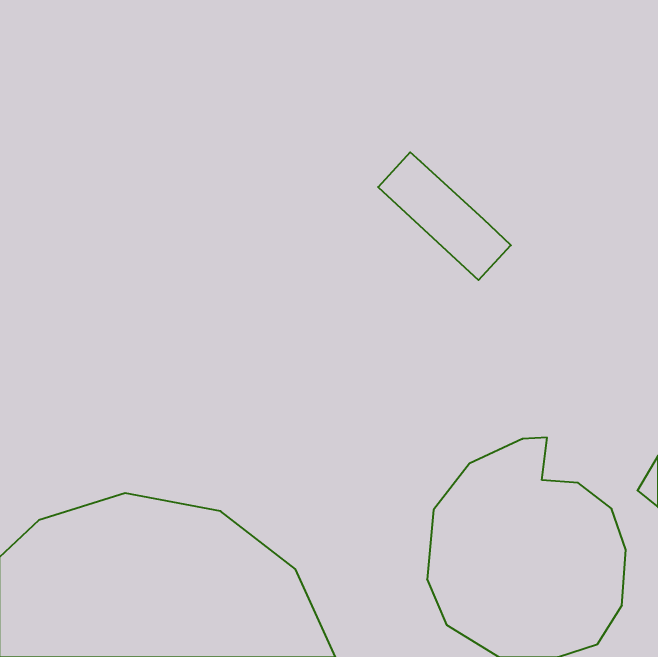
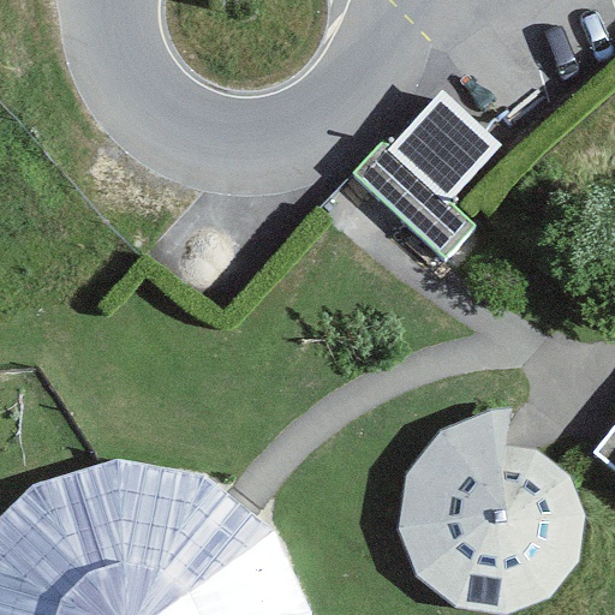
building: none -> [392,101,496,204]

